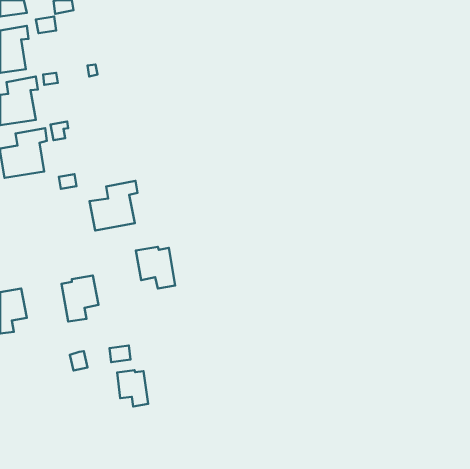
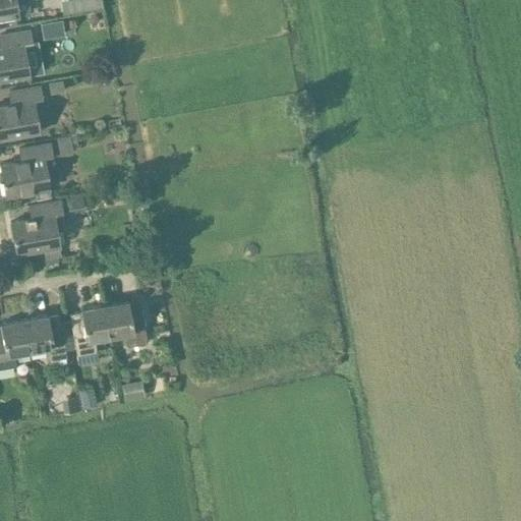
building: [90,181,137,231] -> [9,201,62,256]
building: [136,247,175,288] -> [103,302,147,348]
building: none -> [23,316,66,362]
building: [117,370,148,406] -> none

